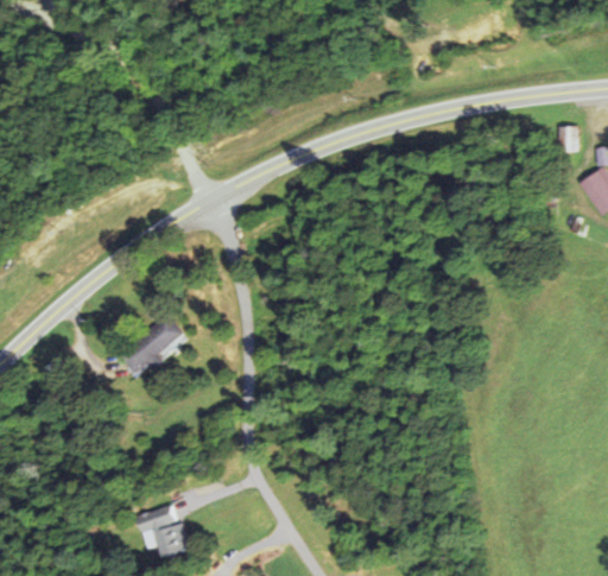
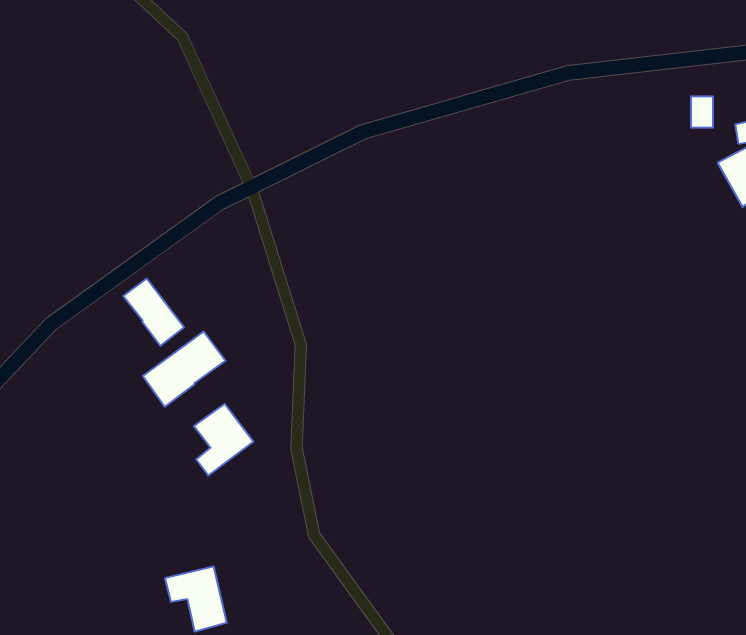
building: none -> [123,279,184,346]
building: none -> [194,404,253,476]

